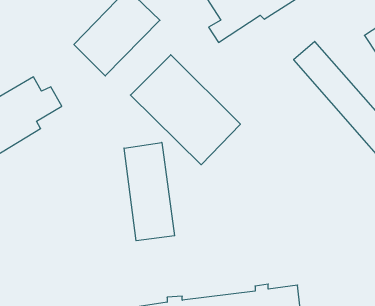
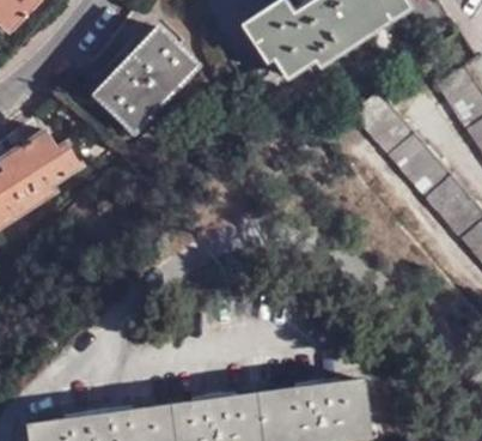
building: [130,55,240,165] -> none
building: [124,142,175,241] -> none

